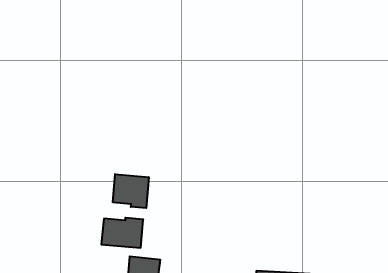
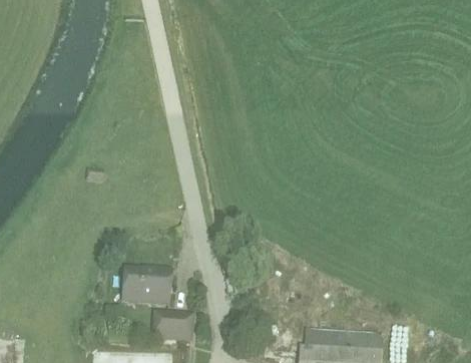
building: [113,174,149,208] -> none

